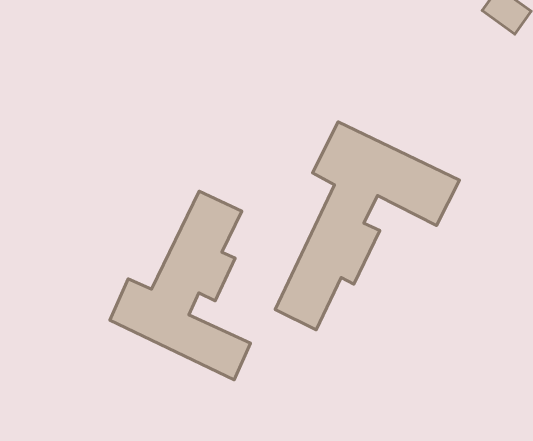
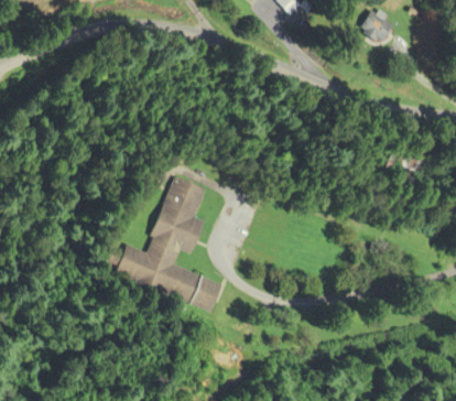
building: [275,122,459,330] -> none

